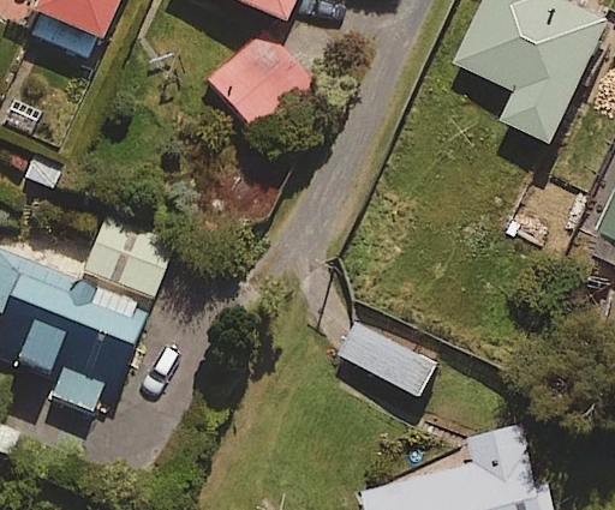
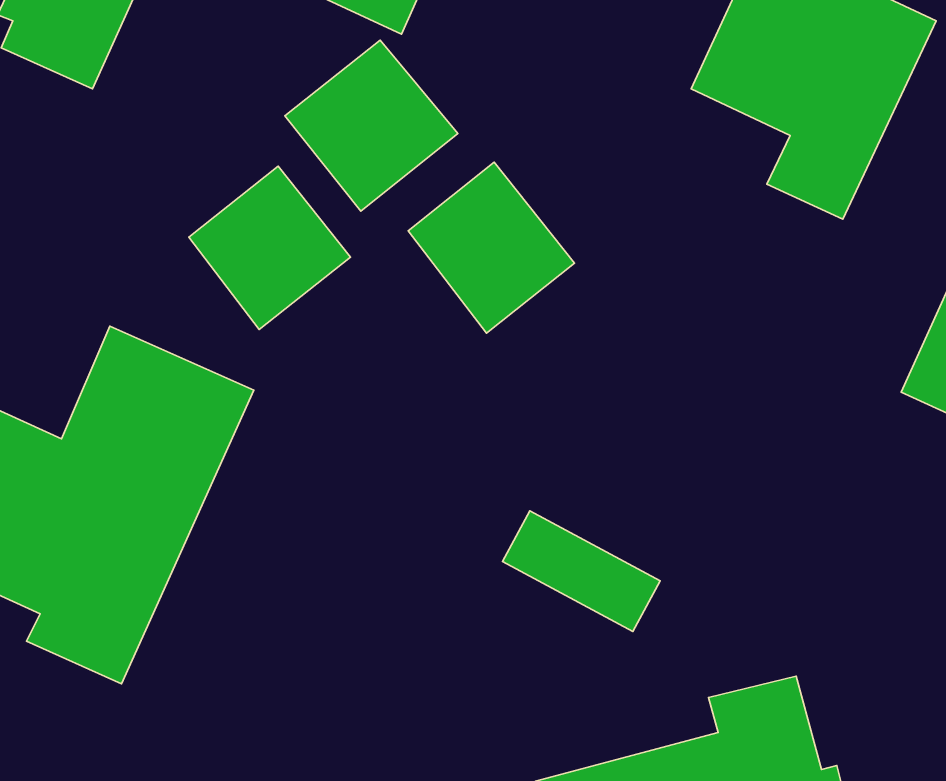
building: none -> [408,162,575,333]
building: none -> [189,166,350,329]

